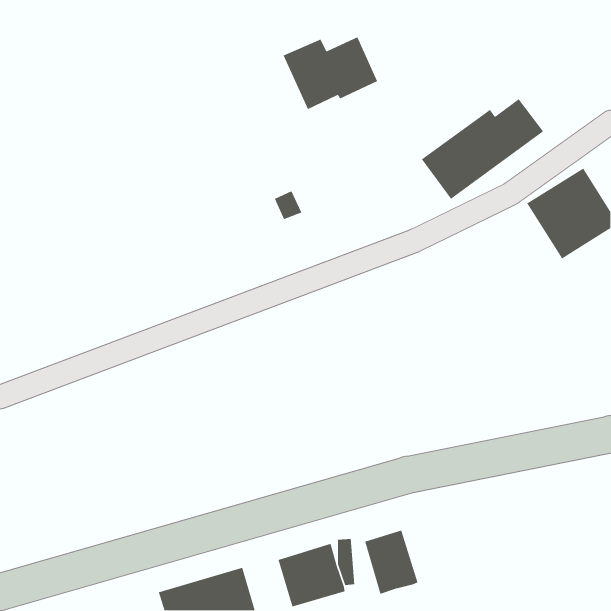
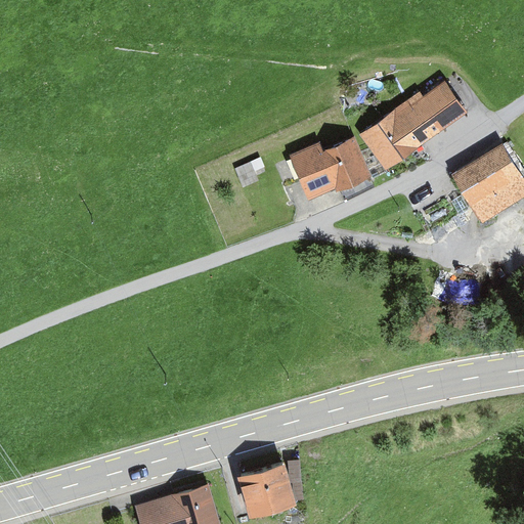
building: [283,36,378,110] -> [288,138,369,202]
building: [364,530,418,595] -> none

